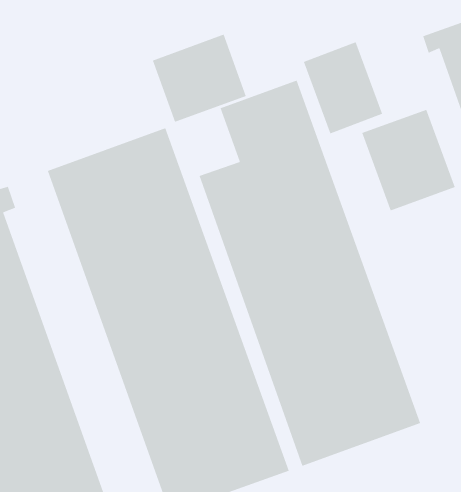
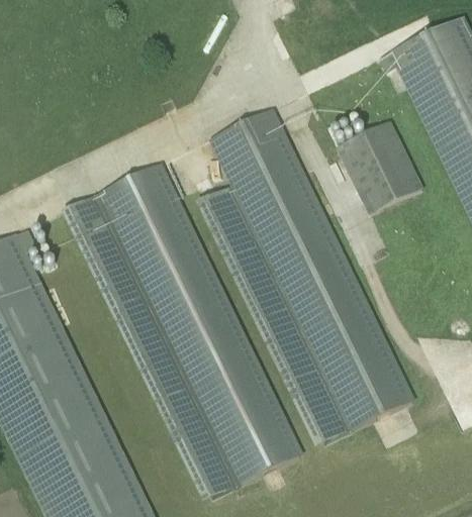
building: [152,34,247,123] -> none
building: [303,41,383,135] -> none

